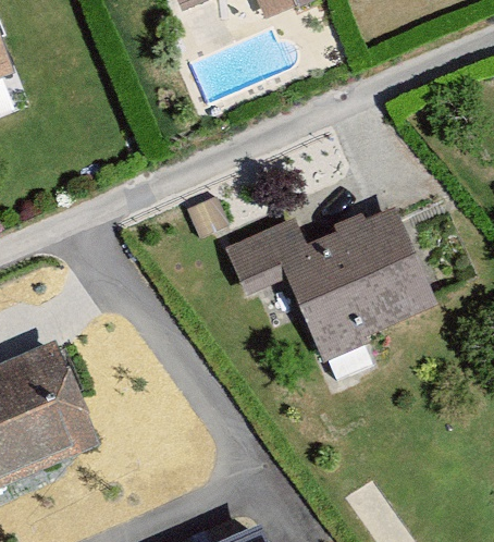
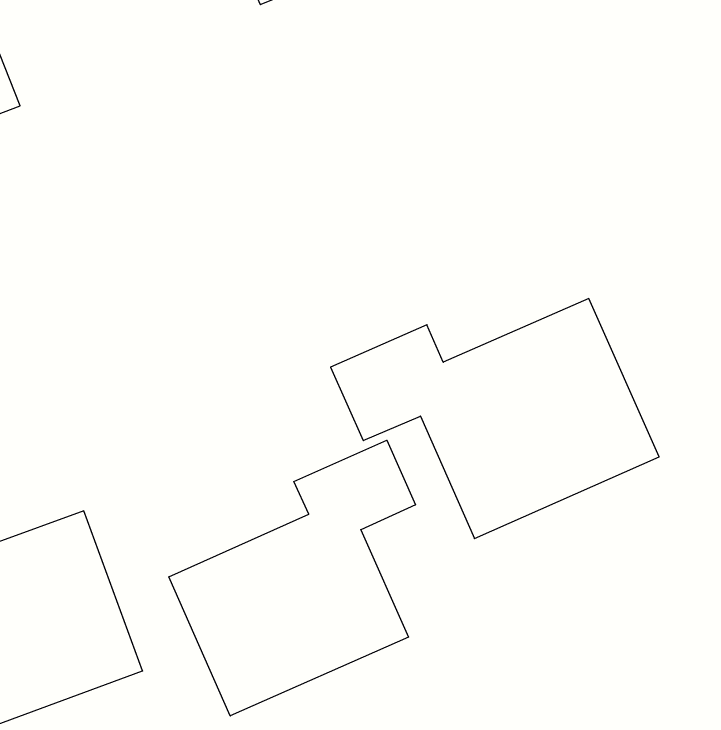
building: none -> [169,440,415,716]

